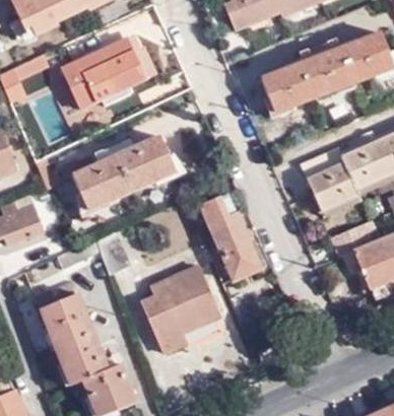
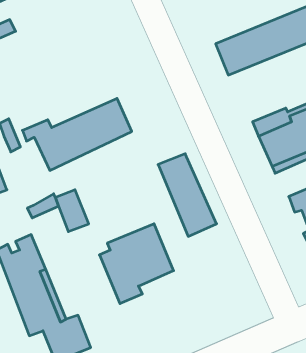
building: [63,40,154,109] -> none

